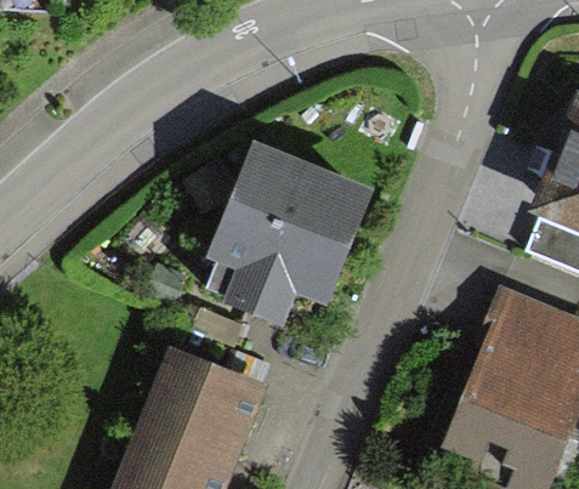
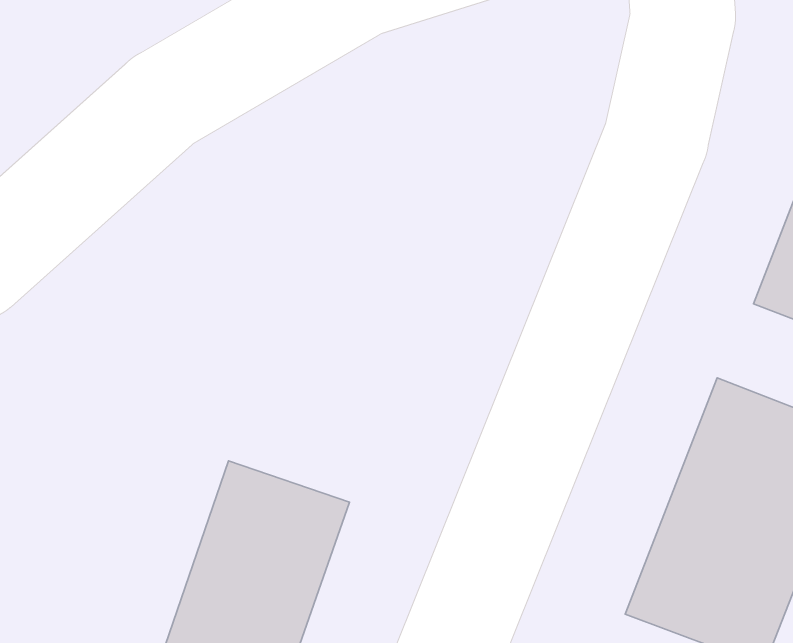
building: [216,153,363,309] -> none

